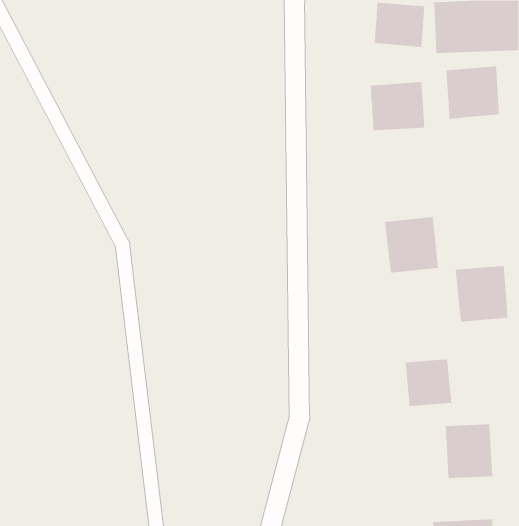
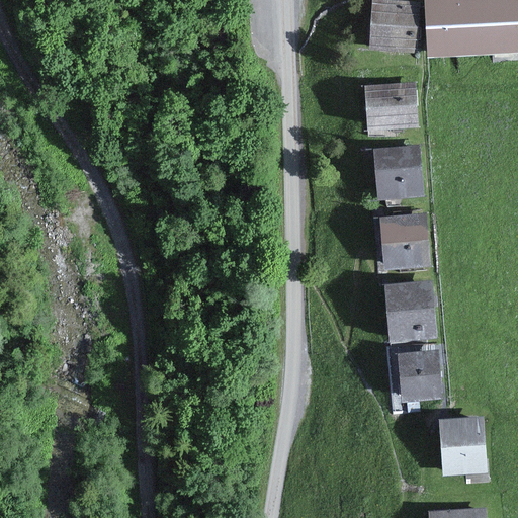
building: [446,66,500,119] -> none
building: none -> [371,146,423,199]
building: [455,265,509,322] -> [384,284,437,340]

